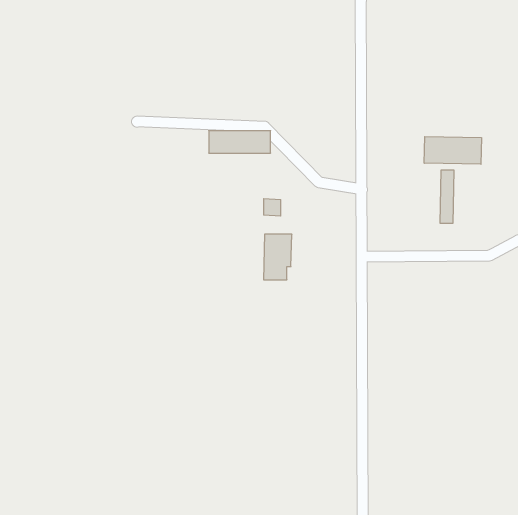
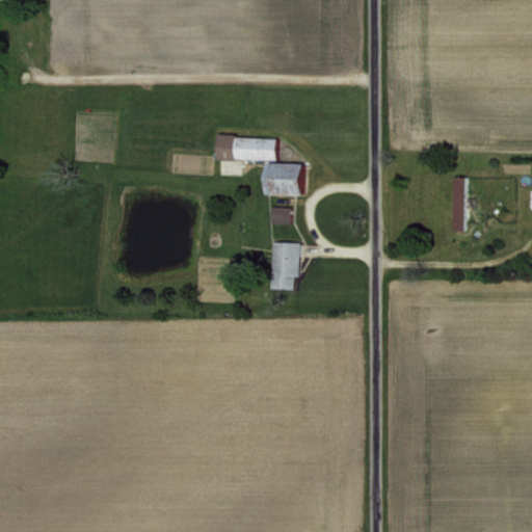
building: [424,137,481,164] -> none
building: none -> [262,163,301,196]

